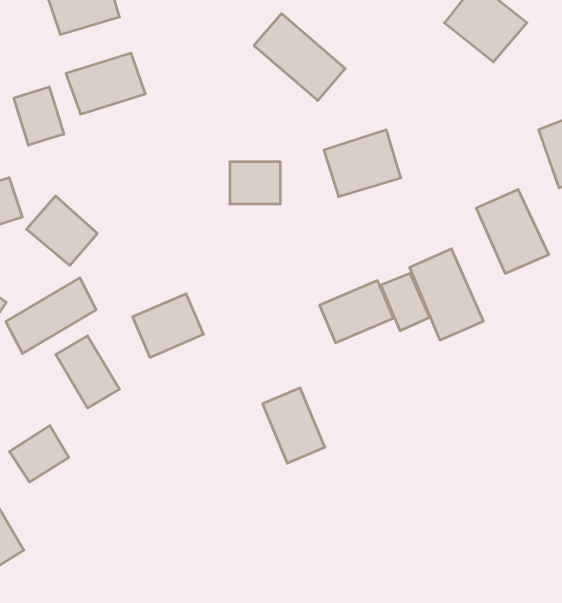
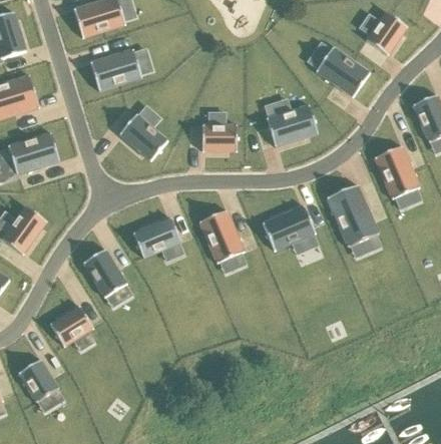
building: [254,14,345,101] -> [311,40,374,100]
building: [14,87,64,145] -> none
building: [26,196,97,265] -> [117,113,166,161]
building: [381,273,430,331] -> none
building: [6,278,96,354] -> none
building: [263,388,325,463] -> [200,208,244,261]

